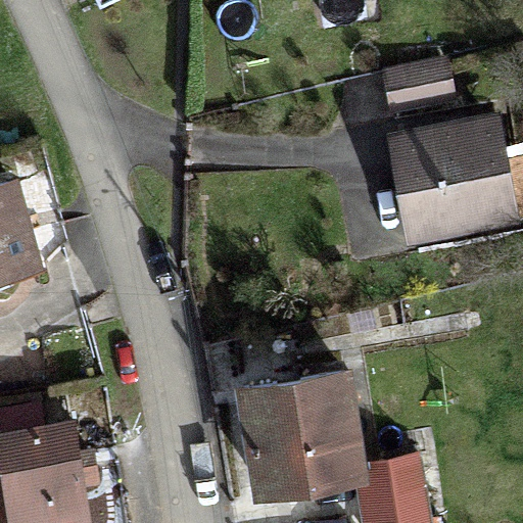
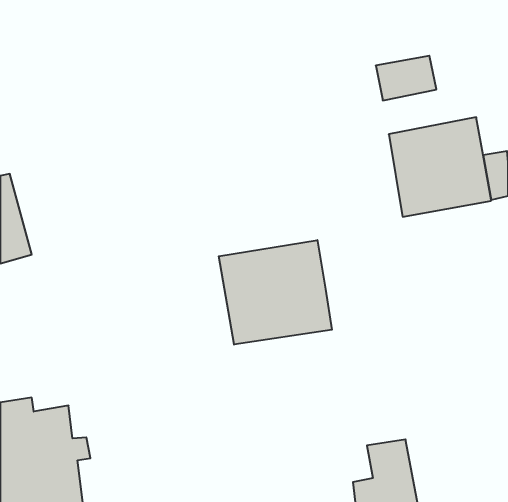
building: none -> [219,240,332,345]
building: [242,375,359,490] -> none

